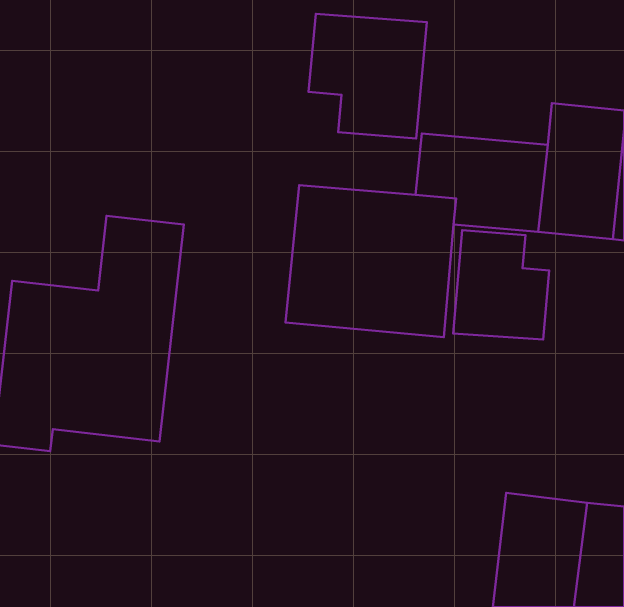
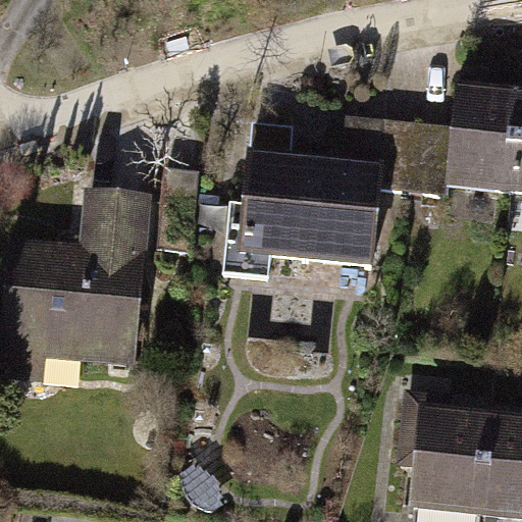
building: [309,14,427,139] -> none
building: [453,230,549,340] -> none

